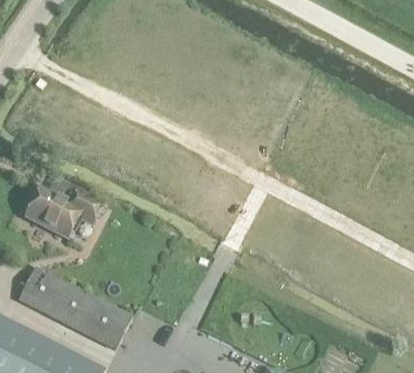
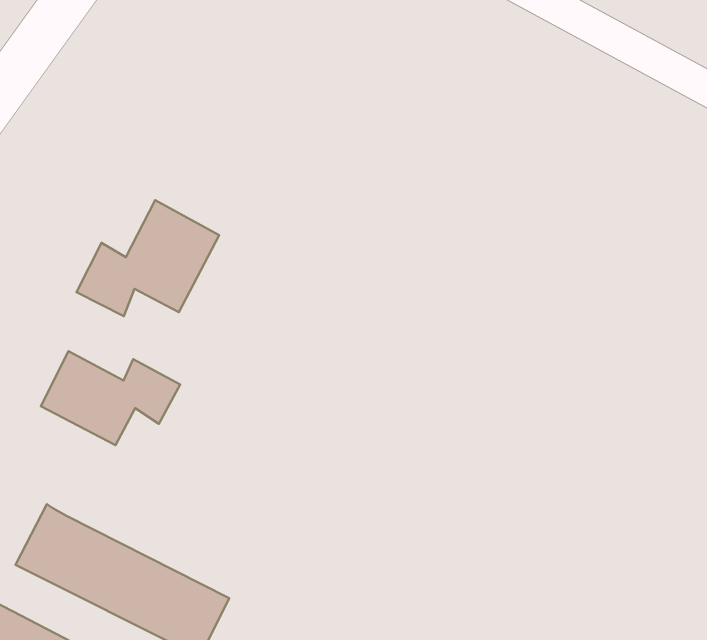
building: none -> [77,200,219,316]

